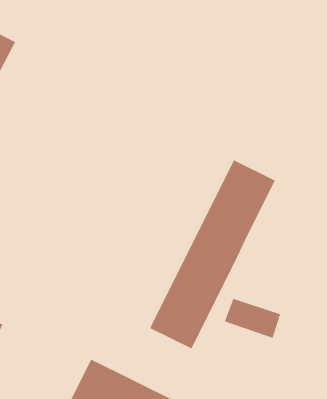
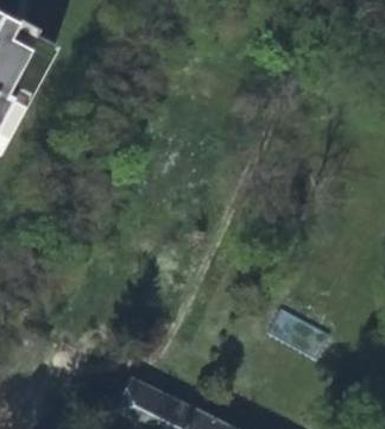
building: [149,159,276,349] -> none

